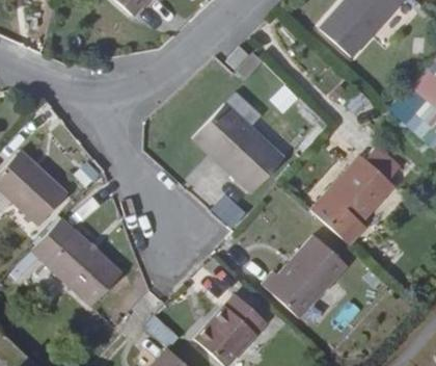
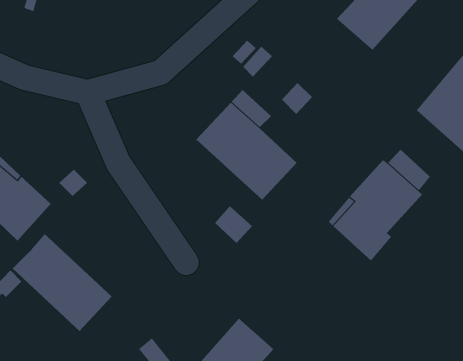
building: [263,237,346,320] -> none

